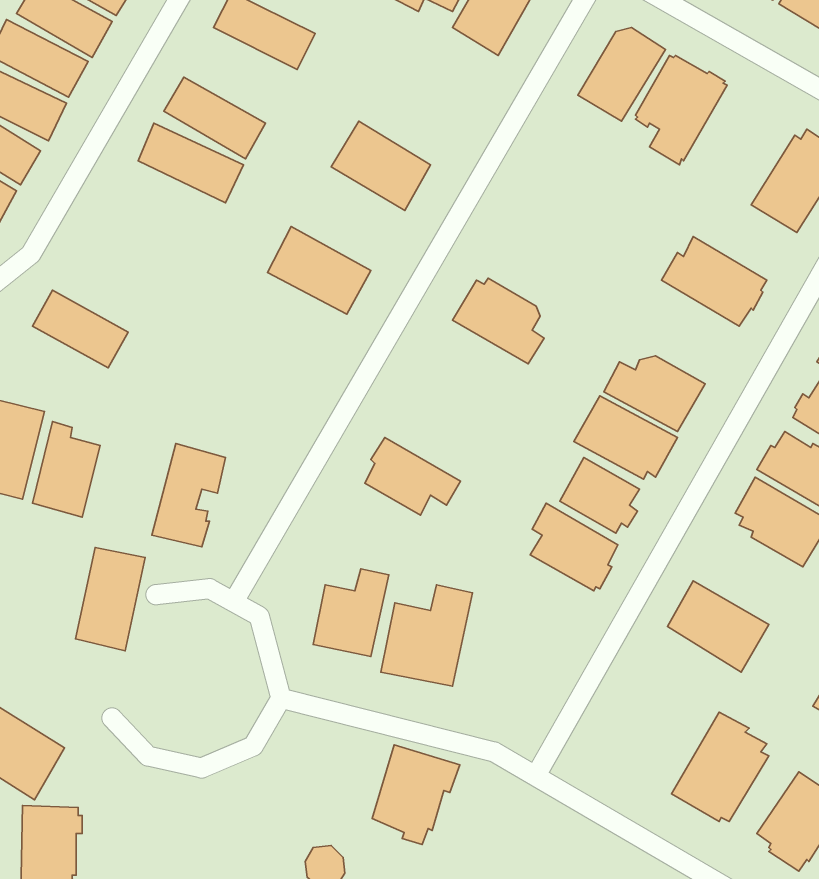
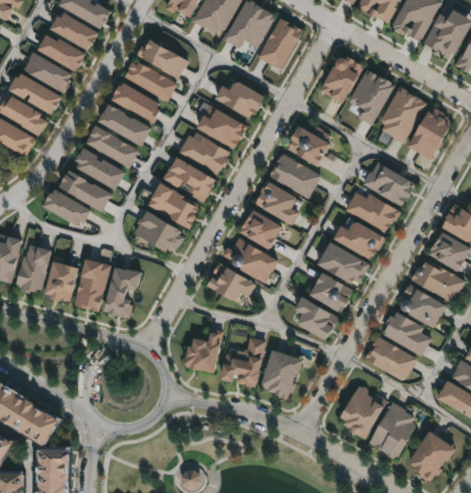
building: none -> [123,60,176,100]
building: none -> [213,80,264,120]
building: none -> [378,88,429,144]
building: none -> [85,126,138,166]
building: none -> [291,126,336,168]
building: none -> [179,131,229,174]
building: none -> [73,149,127,190]
building: none -> [272,154,324,199]
building: none -> [57,170,111,211]
building: none -> [147,184,200,228]
building: none -> [345,192,403,234]
building: none -> [133,211,183,255]
building: none -> [242,211,287,251]
building: none -> [226,238,282,284]
building: none -> [381,312,431,357]
building: [75,547,145,651] -> [73,260,109,312]
building: none -> [340,383,386,439]
building: [372,745,460,844] -> [265,351,309,401]

